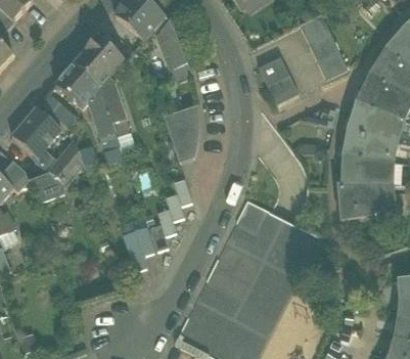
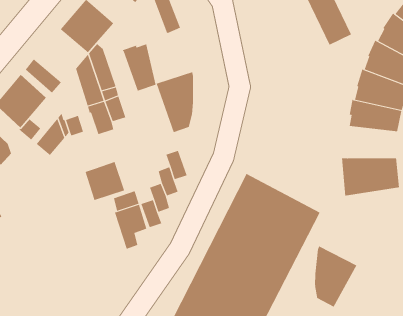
building: [258,55,298,103] -> none
building: [55,63,99,106] -> none
building: none -> [122,43,156,91]
building: [341,154,390,184] -> none
building: [30,171,64,201] -> none
building: none -> [85,161,125,201]
building: none -> [315,245,357,307]

